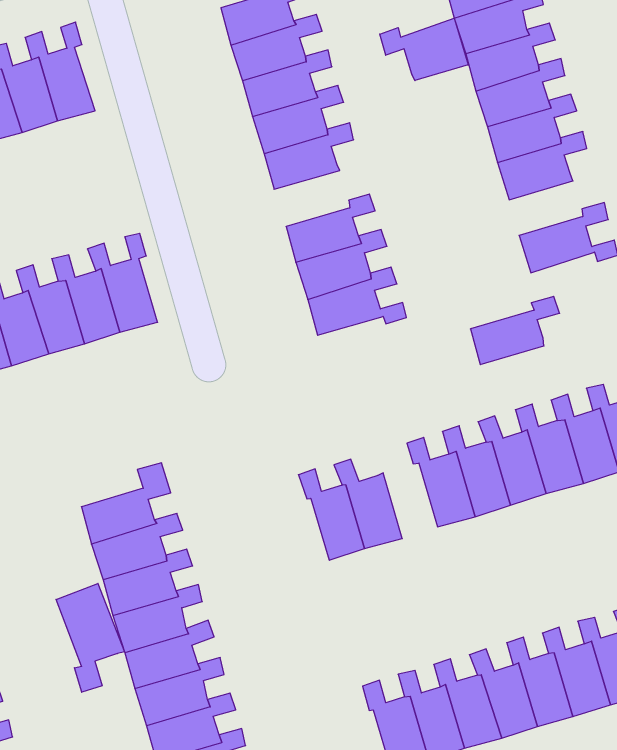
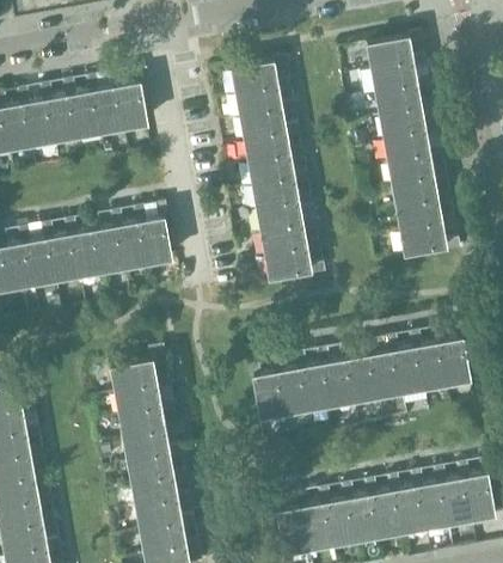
building: [380,18,468,81] -> none
building: none -> [252,175,309,212]
building: [470,296,560,365] -> [397,196,453,233]
building: none -> [294,355,330,412]
building: [56,583,125,692] -> none

